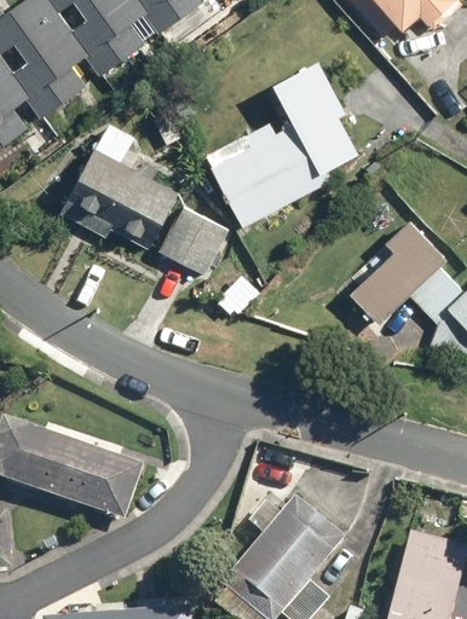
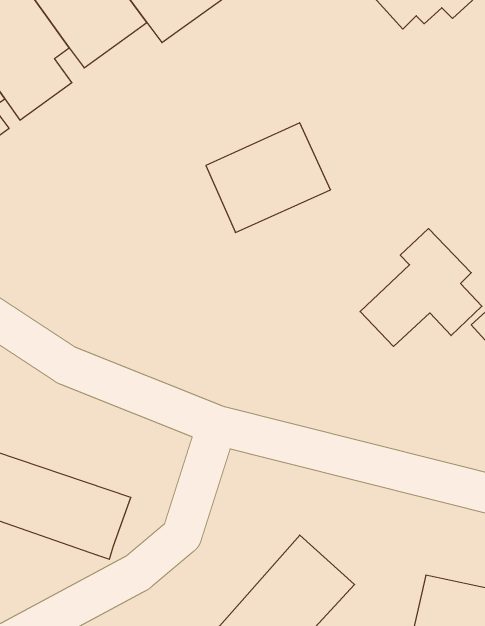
building: [272,52,363,170] -> none
building: [57,146,225,276] -> none

